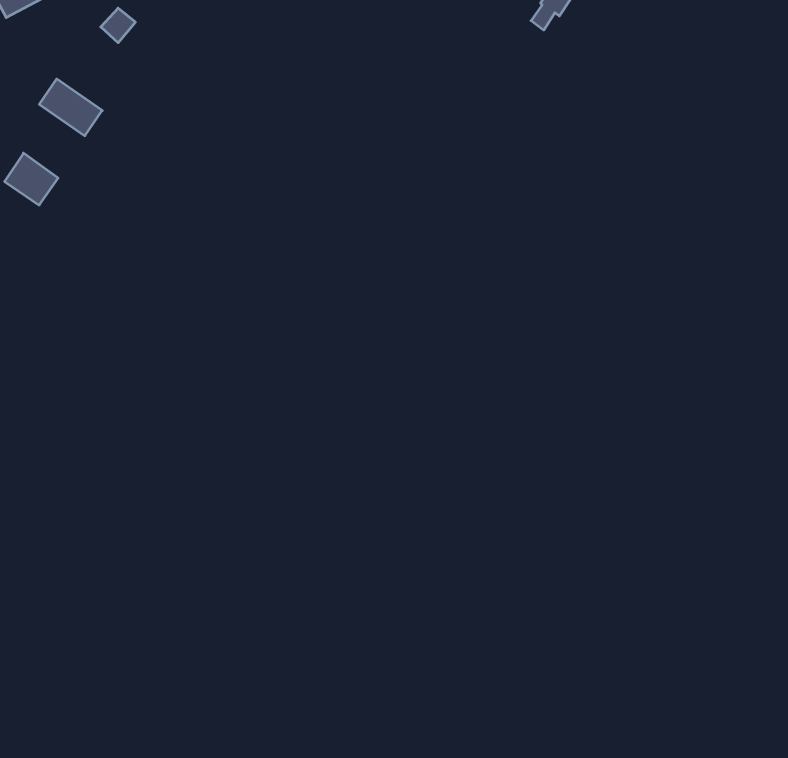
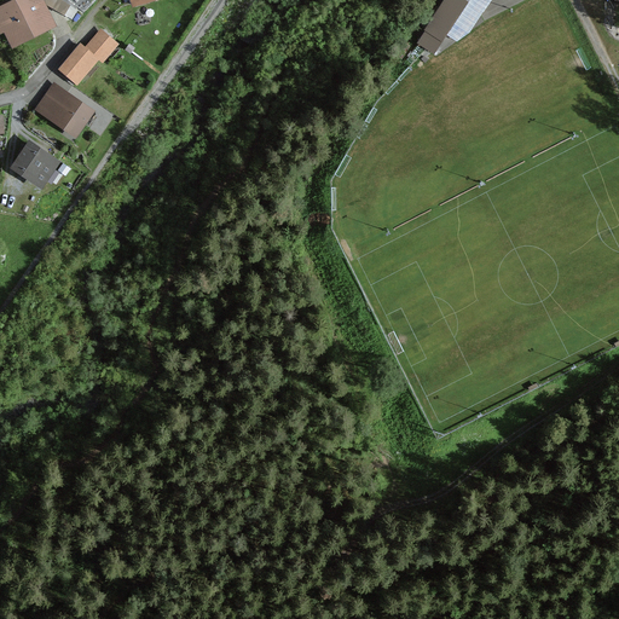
building: none -> [63,46,97,81]

